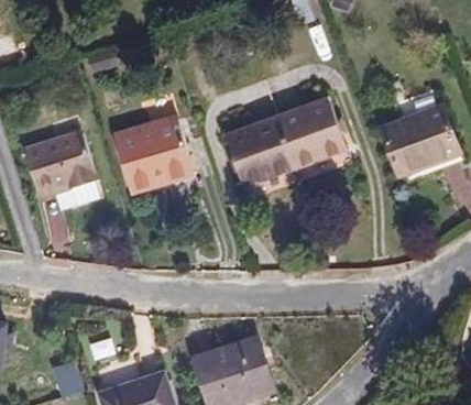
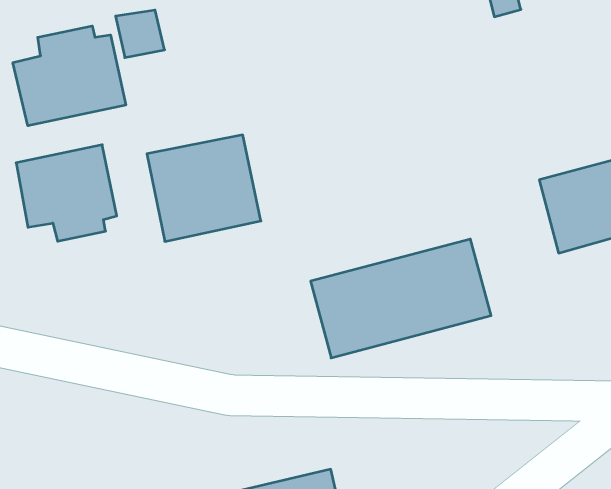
building: none -> [13,26,126,126]
building: [224,98,349,187] -> [311,239,491,358]

